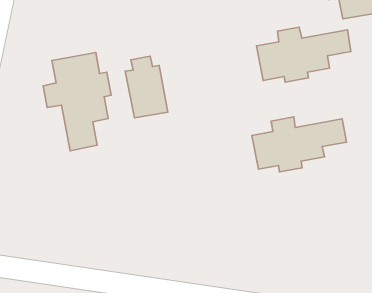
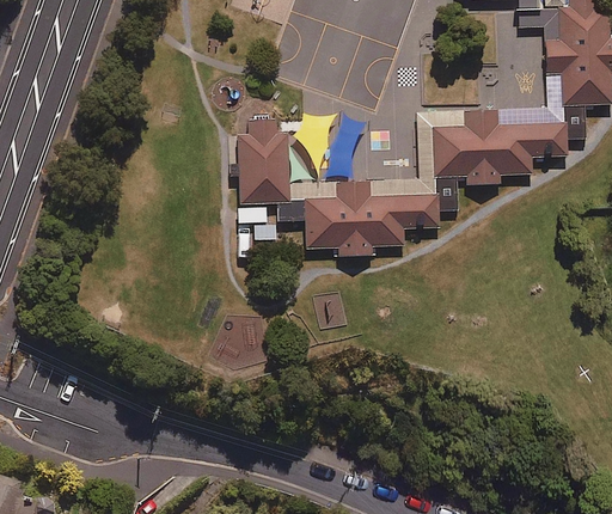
building: [43,53,111,151] -> none
building: [252,117,346,172] -> [304,180,439,257]

